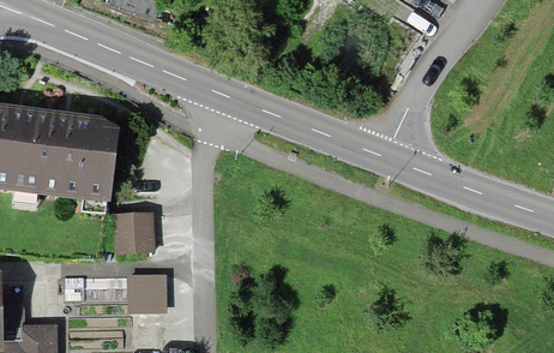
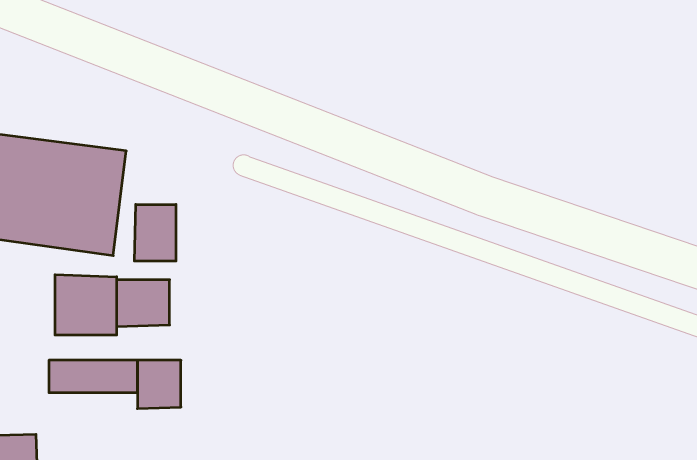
building: none -> [134,204,176,261]
building: none -> [55,275,117,335]

